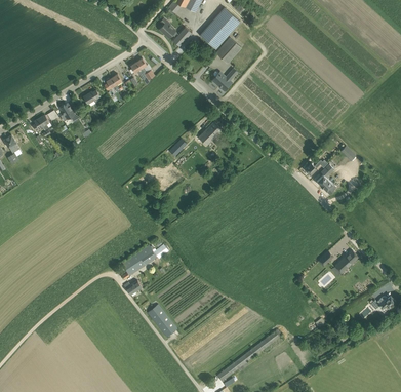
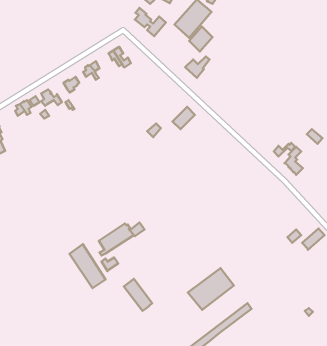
building: none -> [70,244,106,288]
building: none -> [188,268,234,310]

